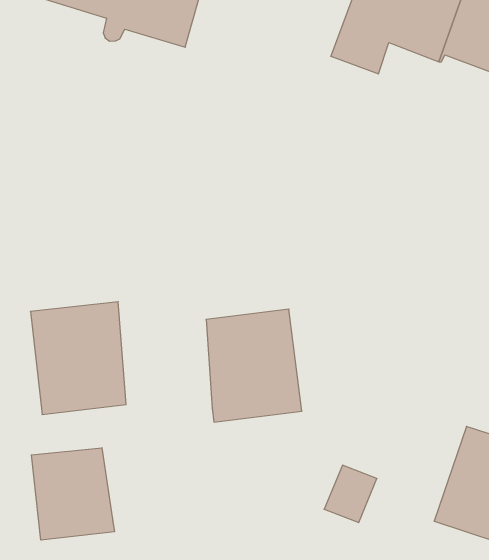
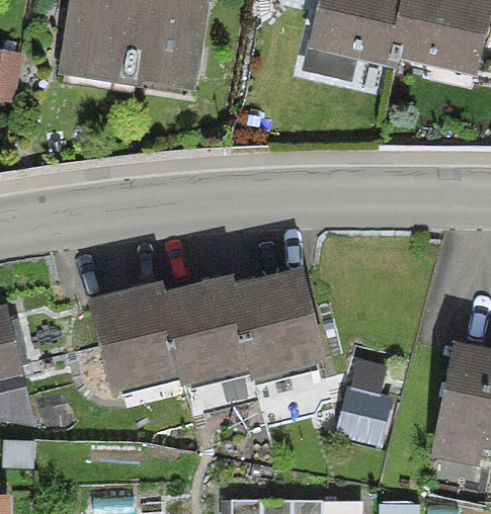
building: none -> [162,285,247,384]
building: [31,448,114,540] -> none

